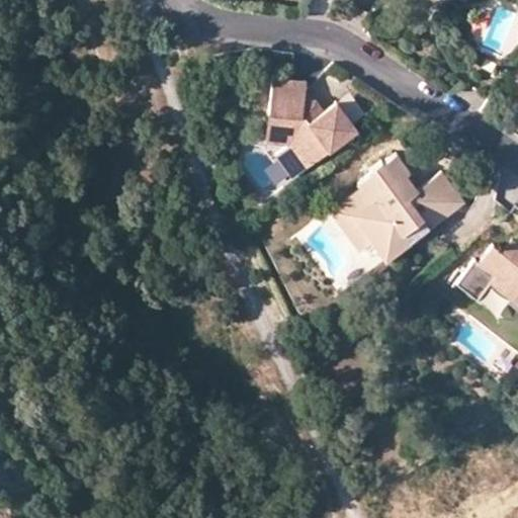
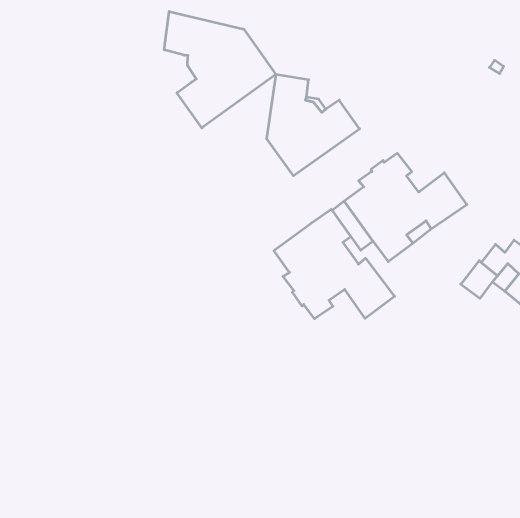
building: none -> [164,11,276,128]
building: none -> [274,209,395,319]

